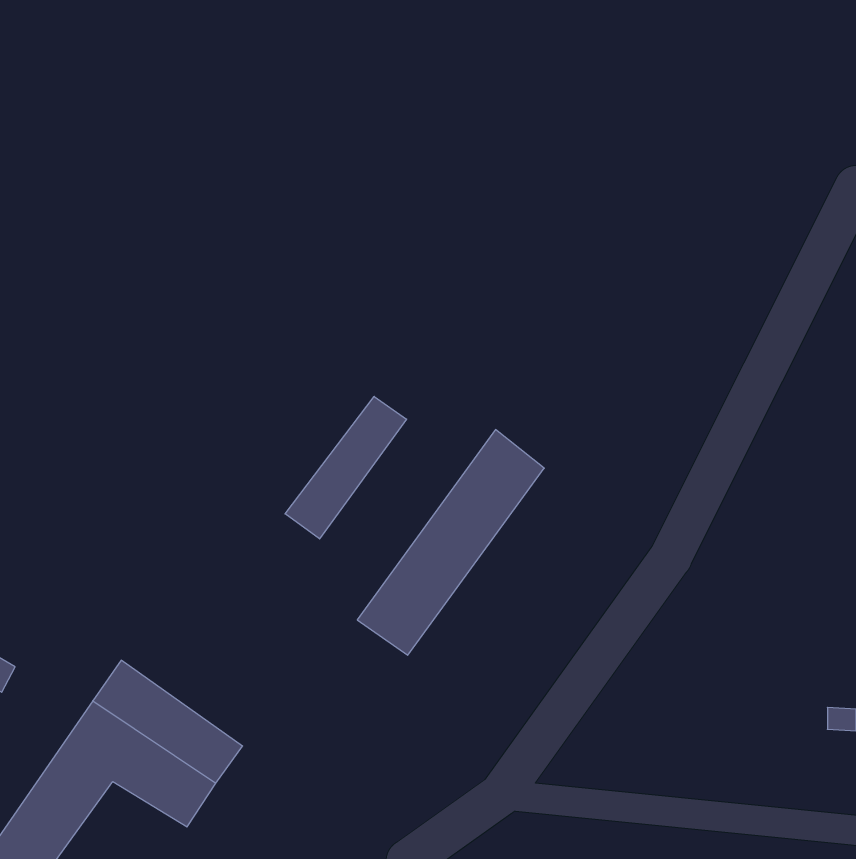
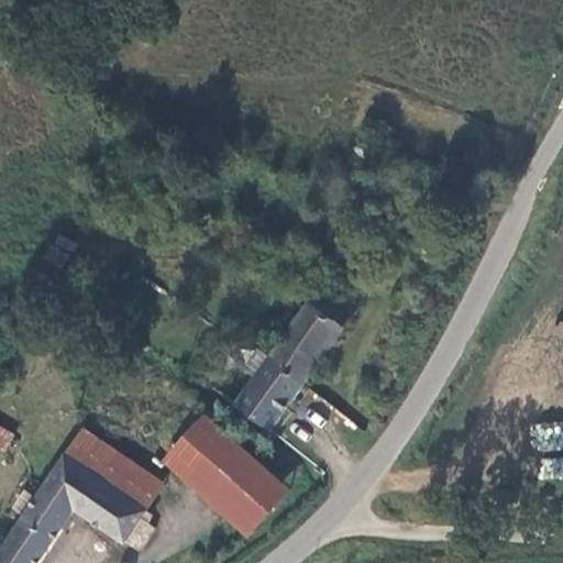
building: [285,396,407,539] -> none
building: none -> [167,419,284,531]

